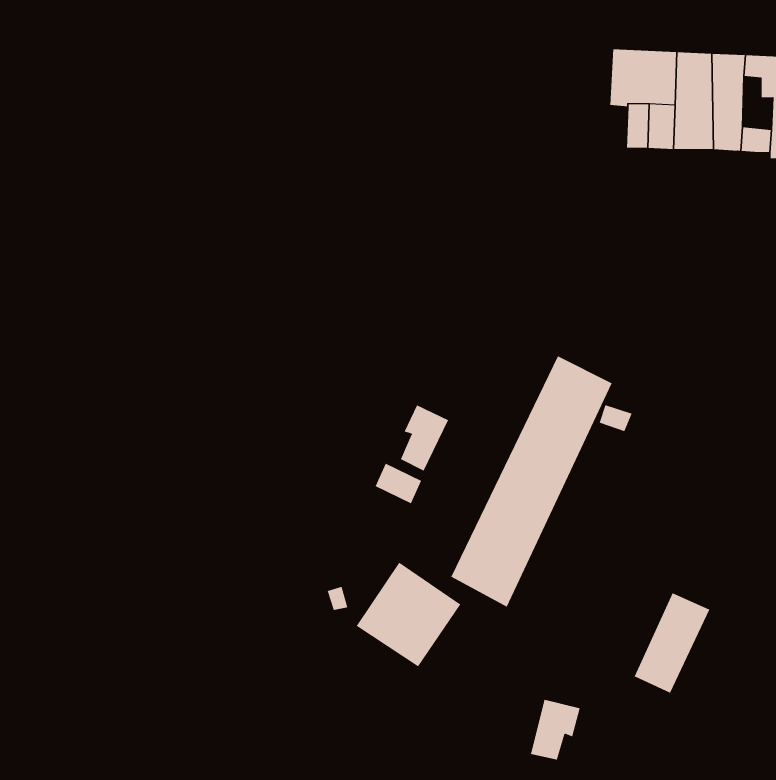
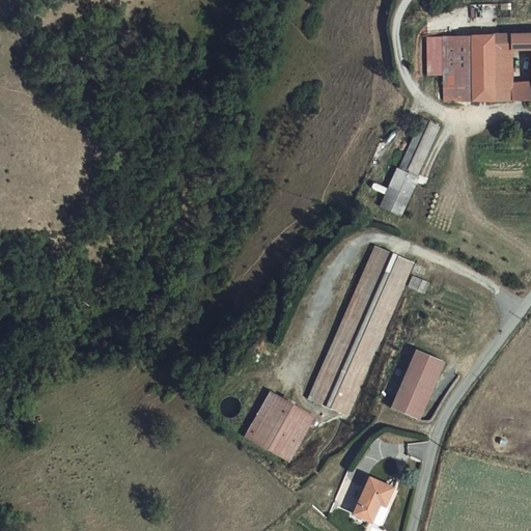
building: none -> [371,119,437,213]
building: [400,404,449,472] -> none
building: [375,463,422,504] -> none
building: [634,593,710,693] -> [391,351,443,419]

